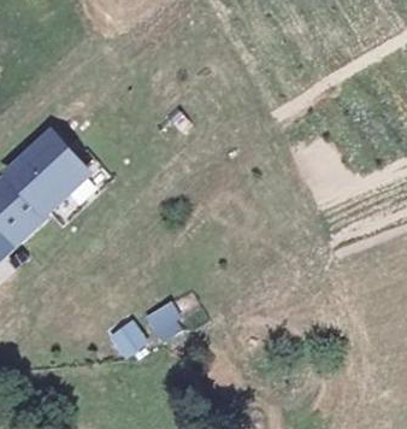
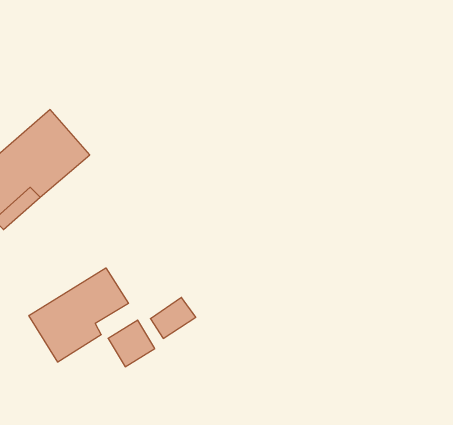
building: none -> [29,268,128,362]

